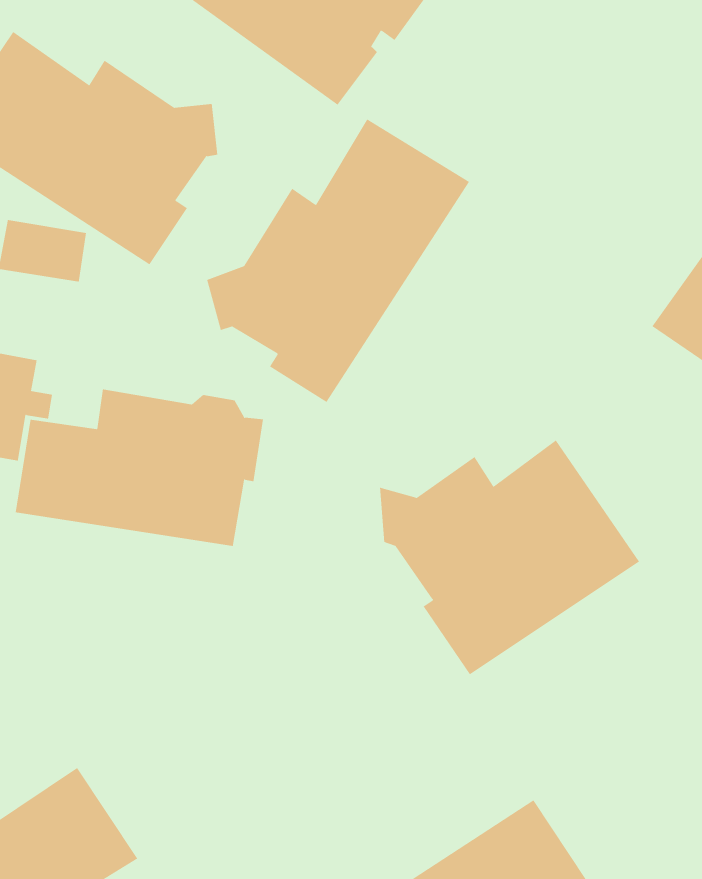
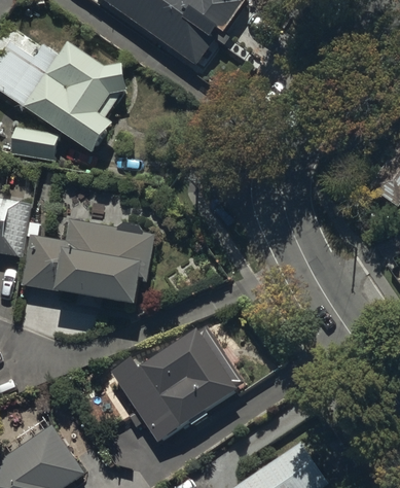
building: [206,119,470,403] -> none
building: [380,440,640,675] -> none
building: none -> [112,324,246,441]

